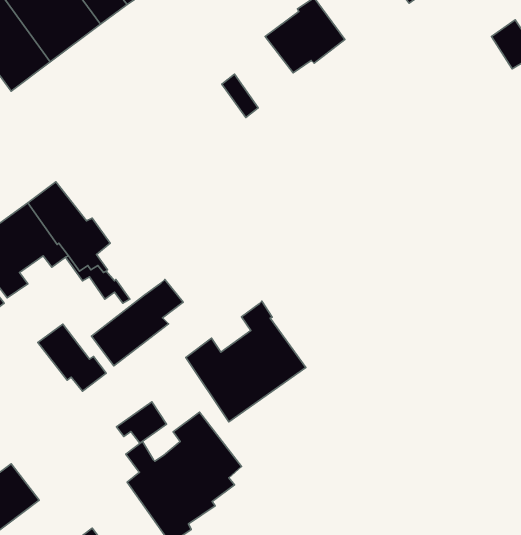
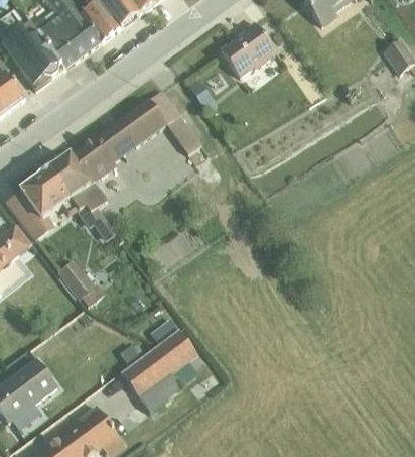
building: none -> [68,90,200,184]
building: [92,279,183,366] -> none
building: [186,301,306,422] -> none
building: [117,402,167,443] -> none

